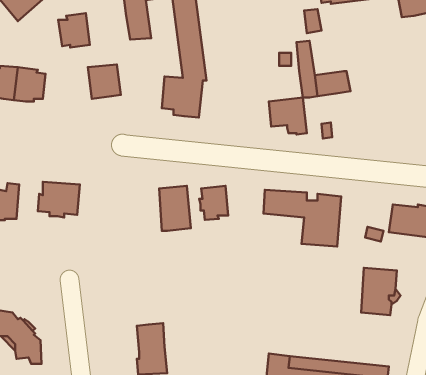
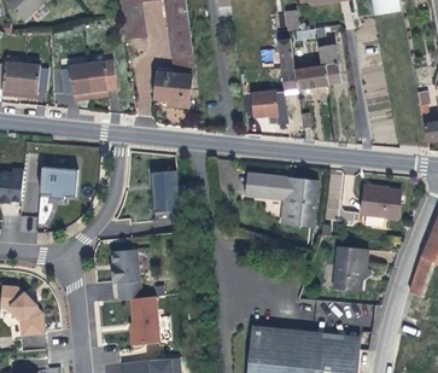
building: [58,13,90,47] -> [62,63,90,94]
building: none -> [315,28,341,84]
building: [199,186,228,220] -> none
building: none -> [112,250,142,301]

